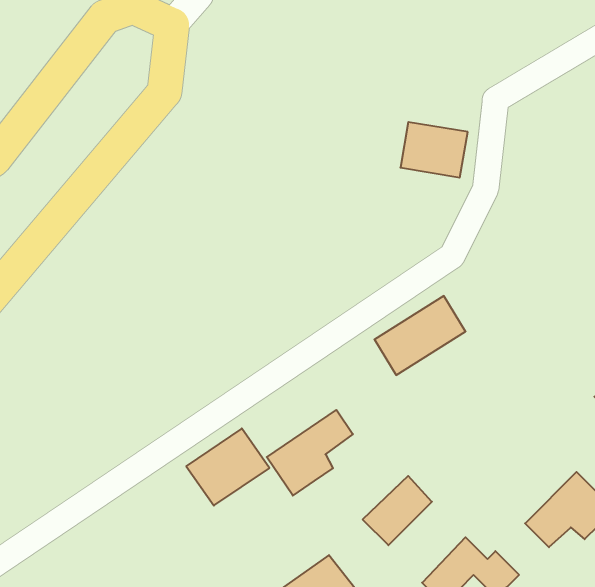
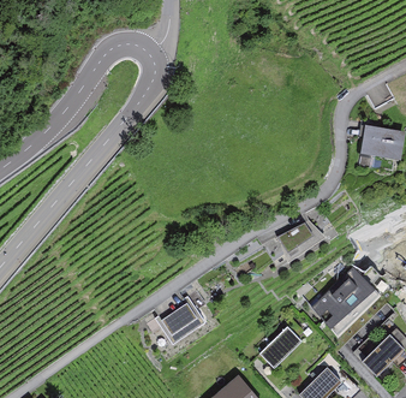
building: [400,122,468,178] -> [351,129,392,162]
building: none -> [316,267,378,328]
building: [267,410,353,496] -> none

